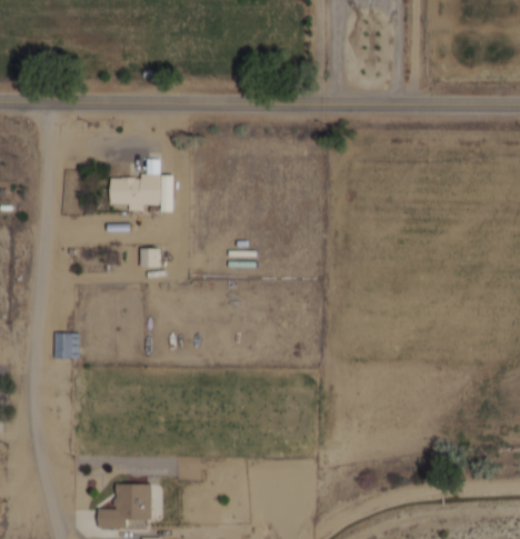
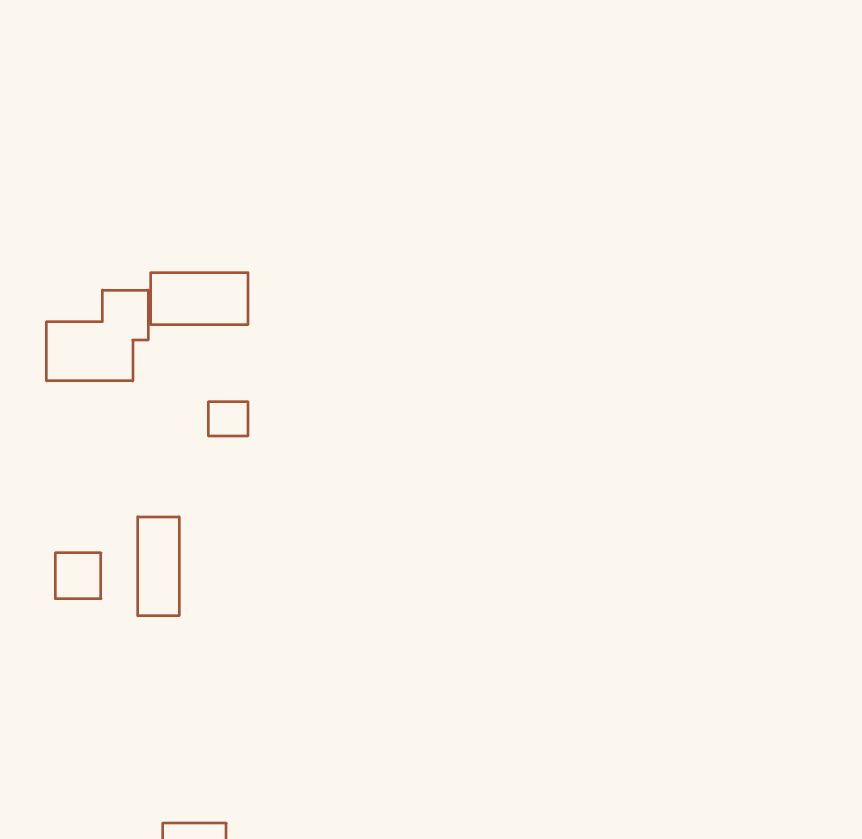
building: none -> [47,290,148,381]
building: none -> [138,517,179,616]

